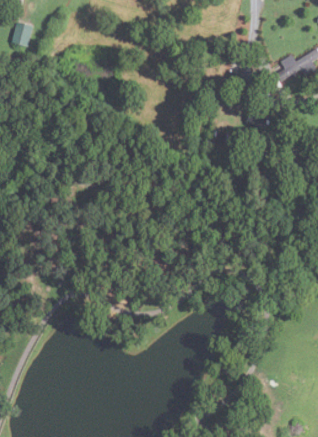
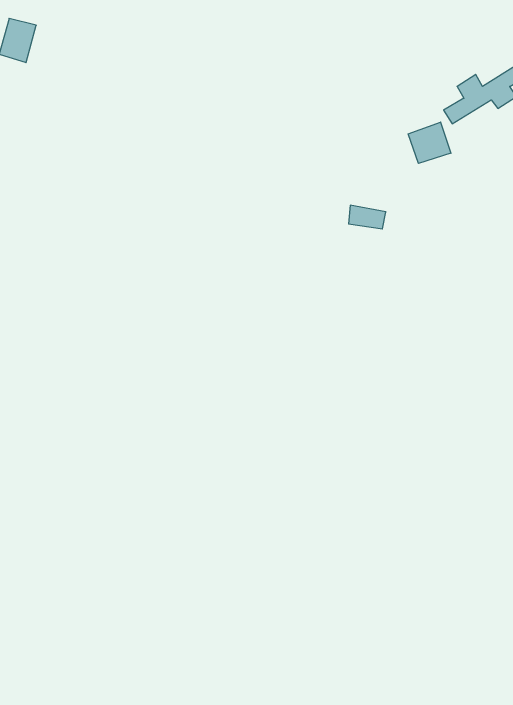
building: none -> [408,122,451,163]

